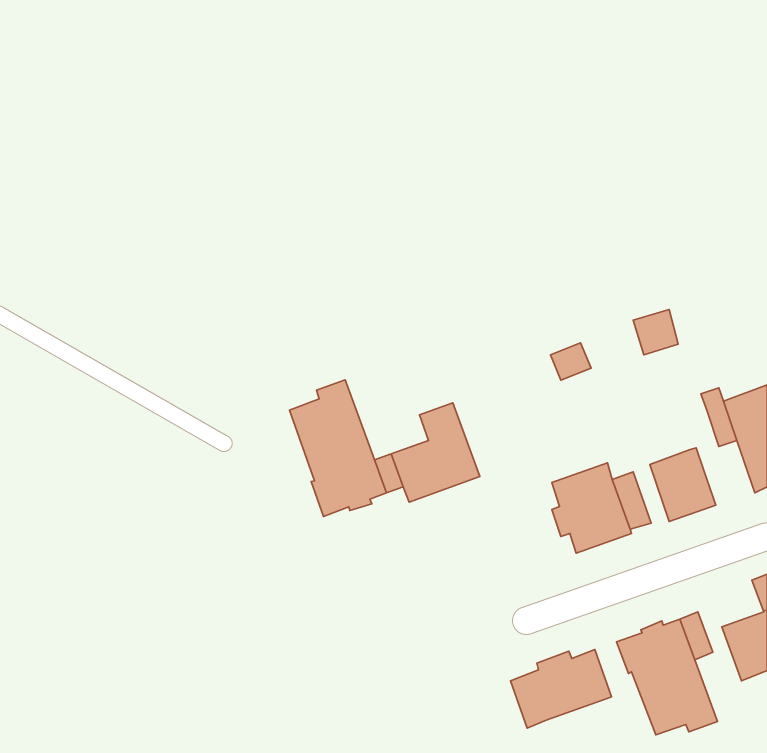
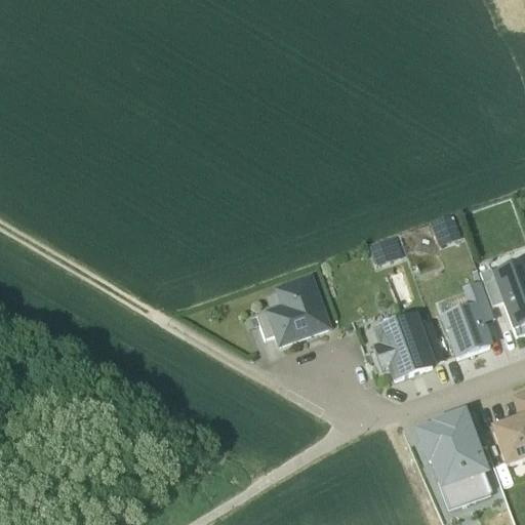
building: [289,380,386,517] -> none
building: none -> [463,280,494,321]
building: [510,650,611,728] -> none

